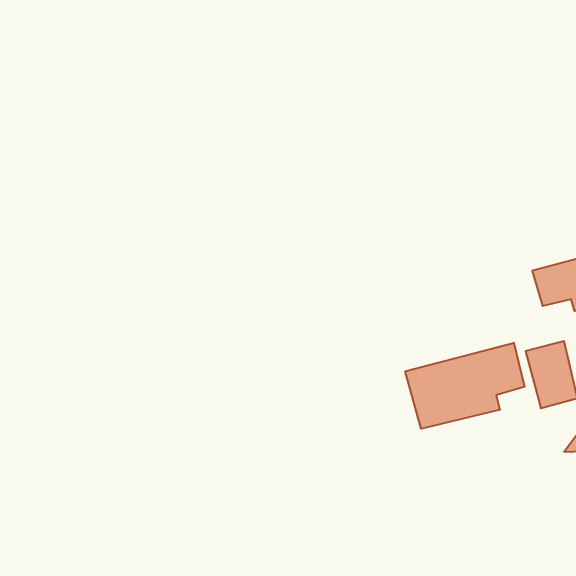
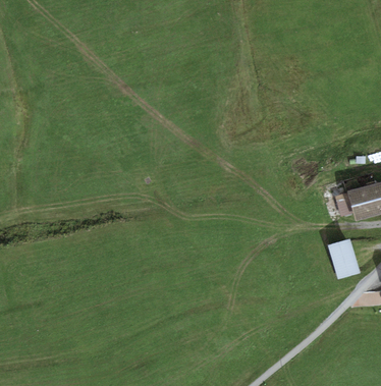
building: [405,343,525,429] -> none

